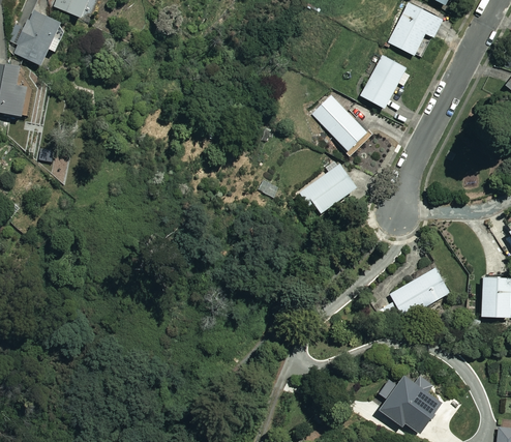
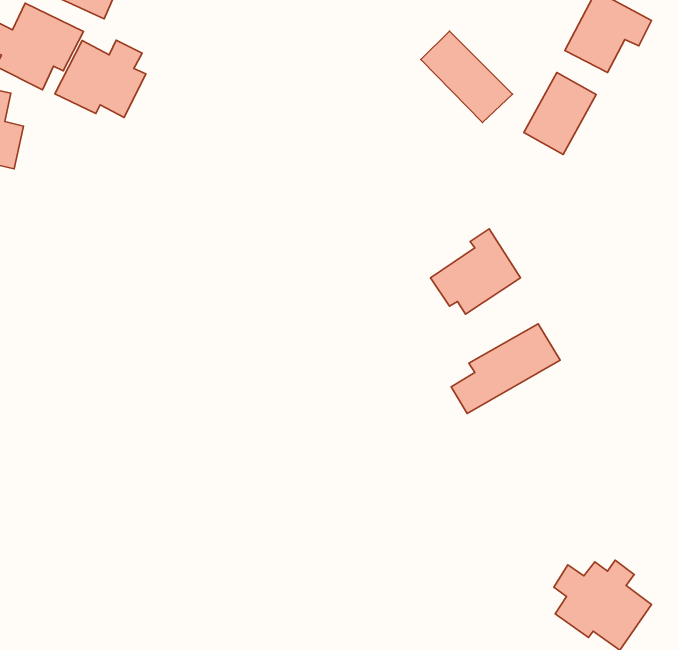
building: none -> [55,40,146,118]
building: [311,93,371,153] -> [421,31,512,123]
building: [378,266,449,325] -> [451,324,560,414]

